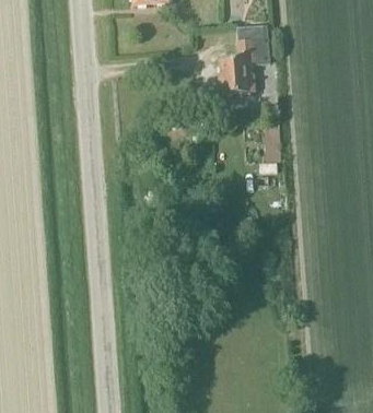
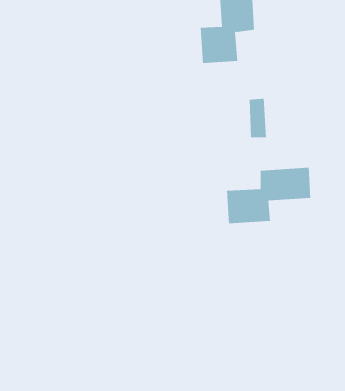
building: none -> [226,167,311,224]

